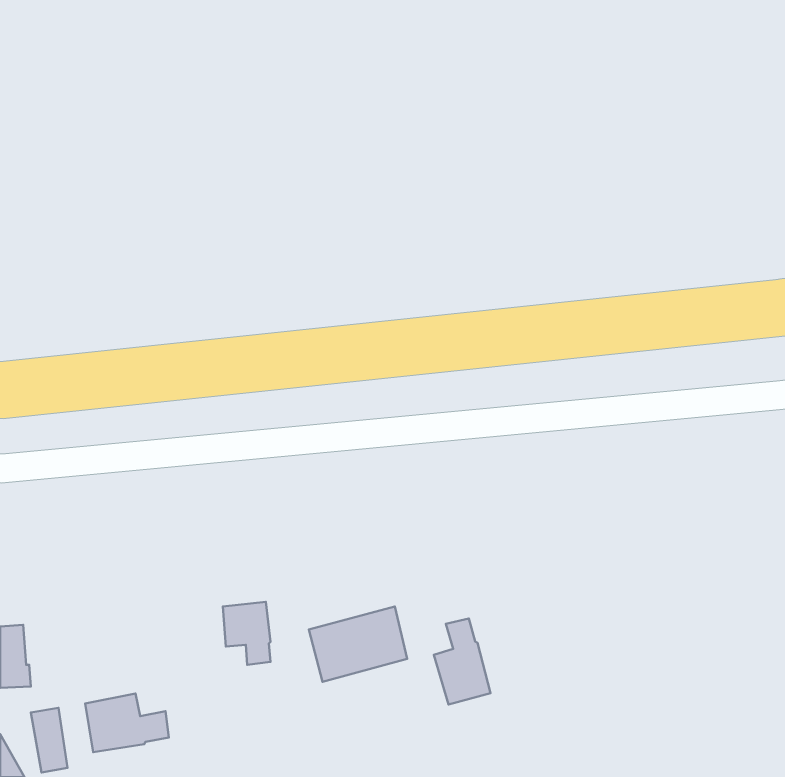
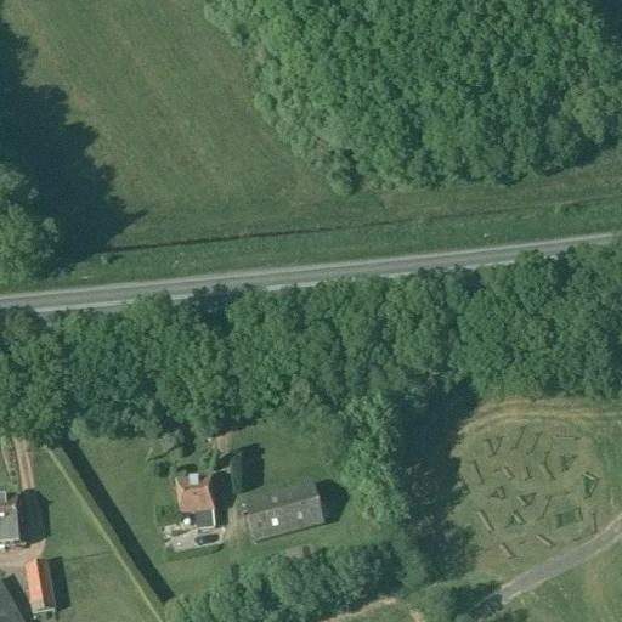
building: [434,619,491,704] -> none
building: [85,694,169,752] -> none

